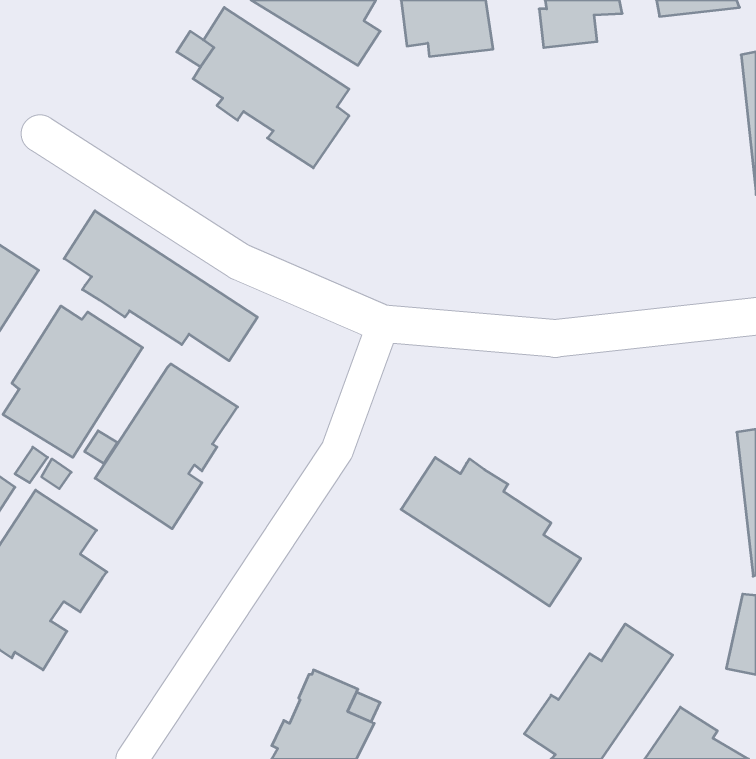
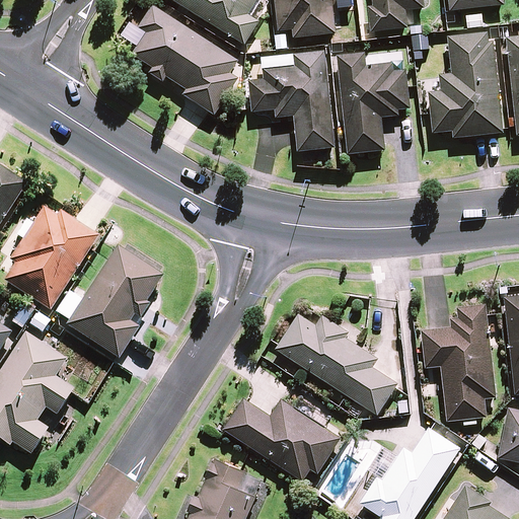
building: none -> [429,32,503,139]
building: none -> [248,51,336,152]
building: none -> [337,53,411,154]
building: [64,211,257,361] -> none
building: none -> [420,302,495,420]
building: none -> [223,397,339,479]

